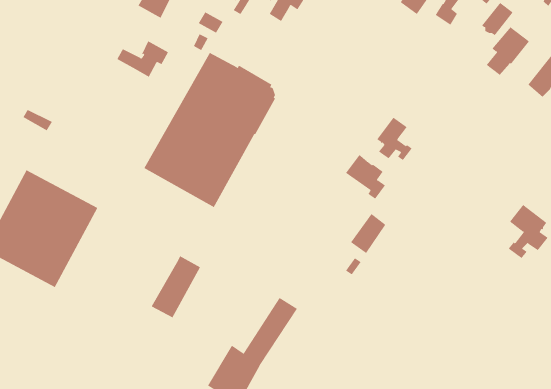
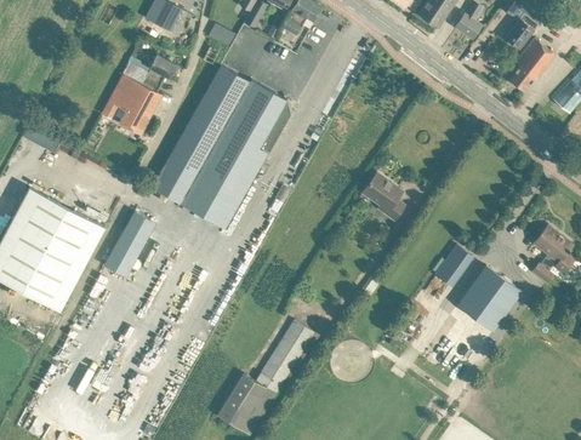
building: none -> [102,73,161,133]
building: [377,117,413,161] -> none
building: [350,213,386,254] -> [435,244,473,286]
building: none -> [457,265,522,330]
building: [151,256,201,318] -> [104,211,156,276]

